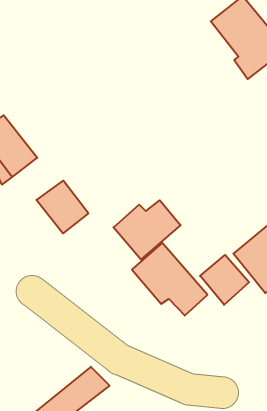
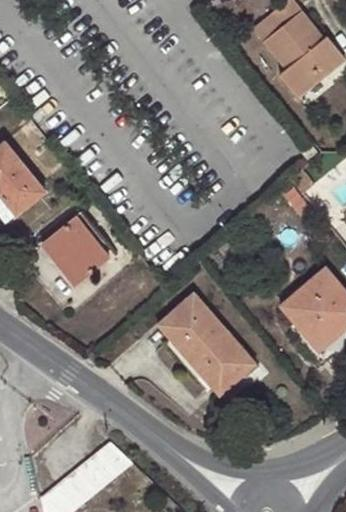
building: [113,200,181,260] -> none
building: [200,255,249,305] -> none

